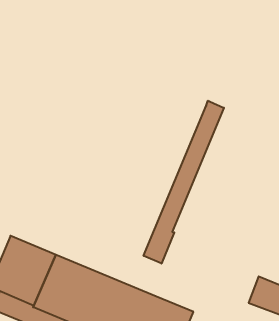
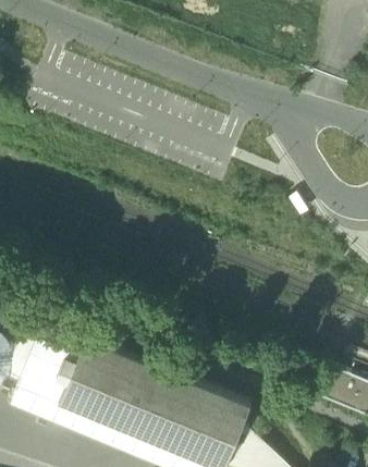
building: [144,101,224,264] -> none

